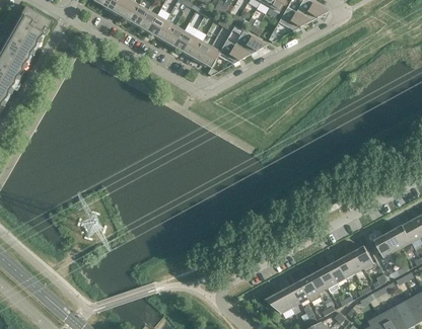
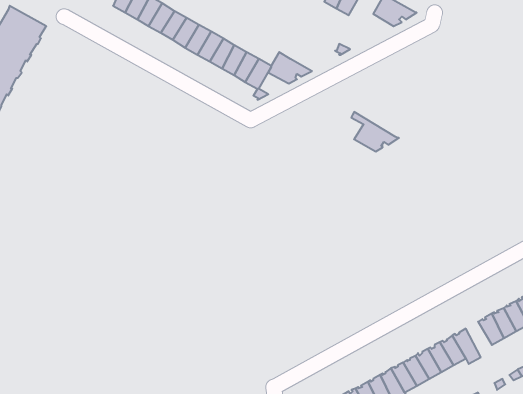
building: [278,6,310,29] -> none
building: [231,24,267,54] -> [351,112,399,151]

